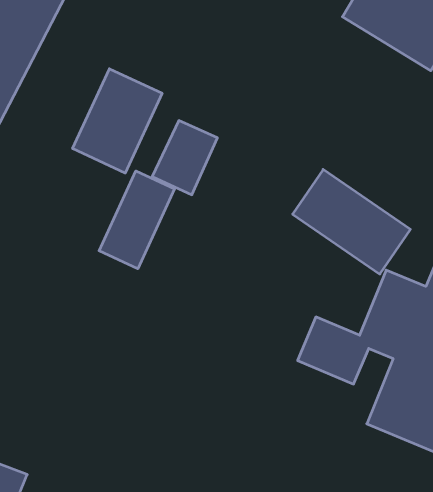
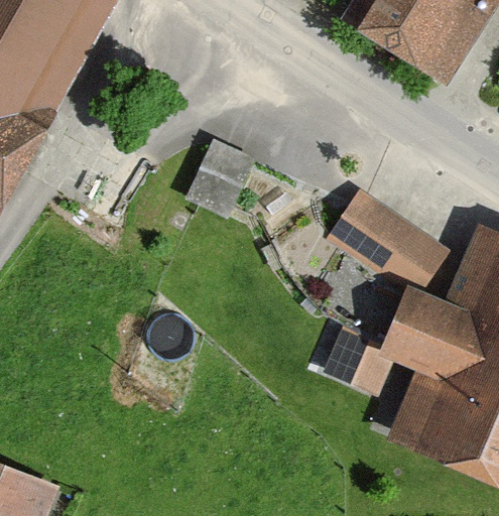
building: [73,69,162,173] -> none
building: [99,171,175,269] -> none

